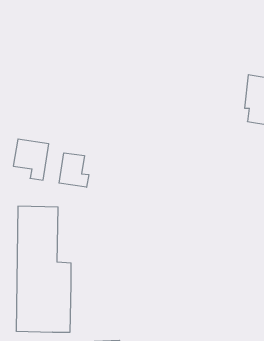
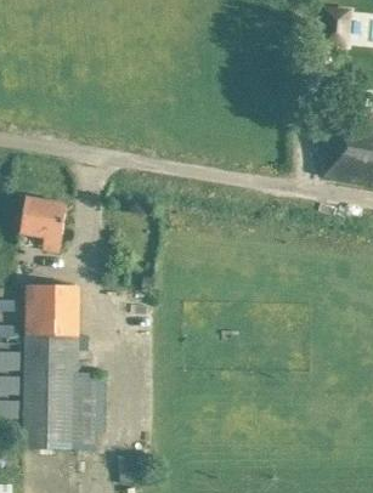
building: [59,153,89,187] -> none

